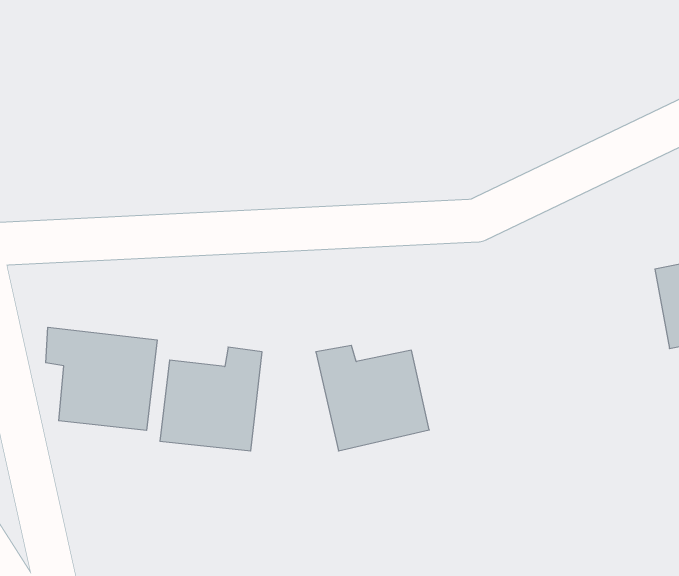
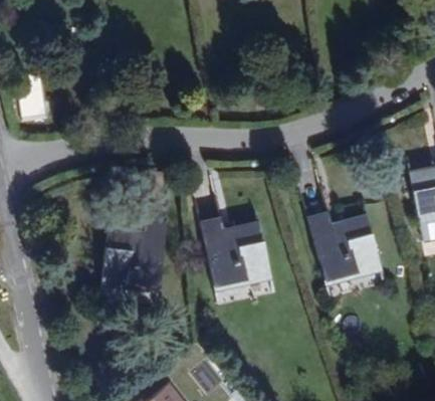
building: [46,327,157,430] -> none
building: none -> [307,215,380,281]

